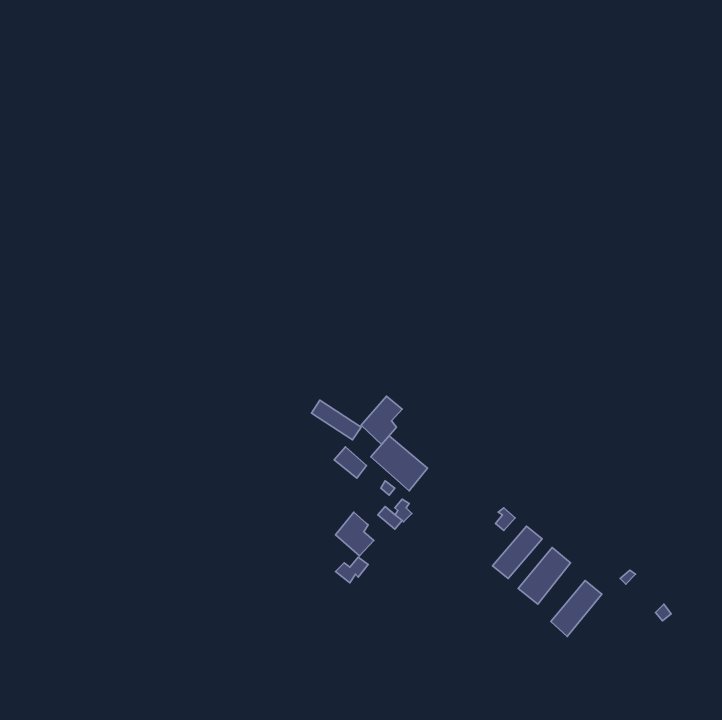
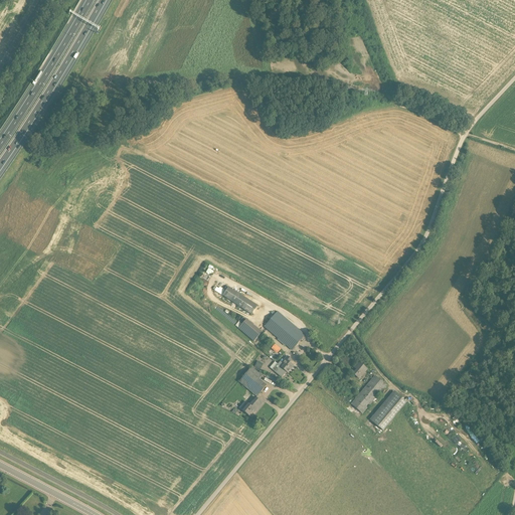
building: [361,396,402,445] -> none
building: [551,580,602,637] -> none

